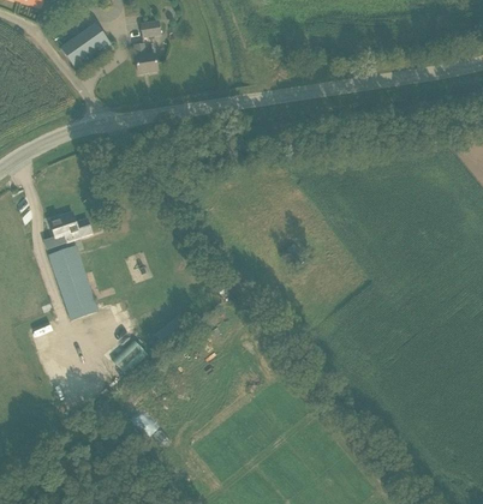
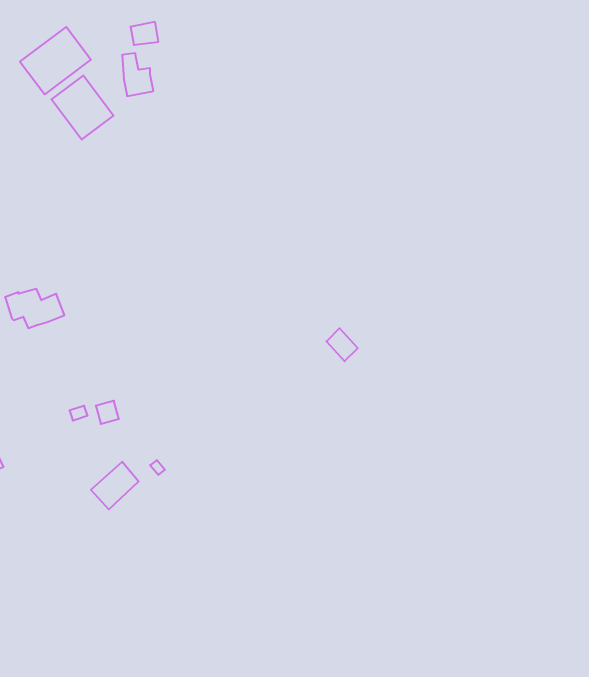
building: none -> [51,75,114,140]
building: [49,252,95,318] -> none

